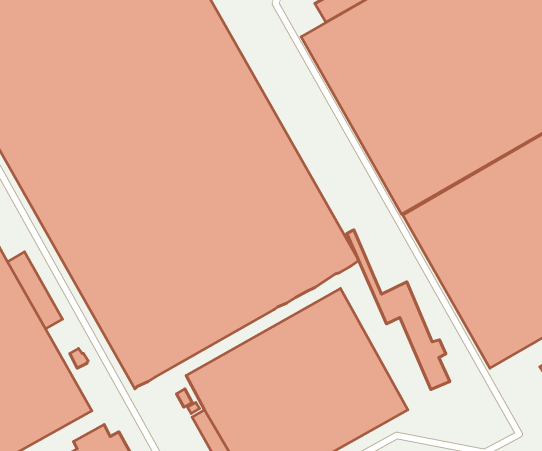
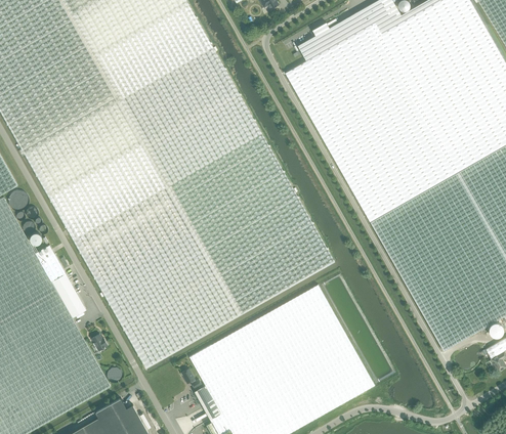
building: [347,230,450,390] -> none

